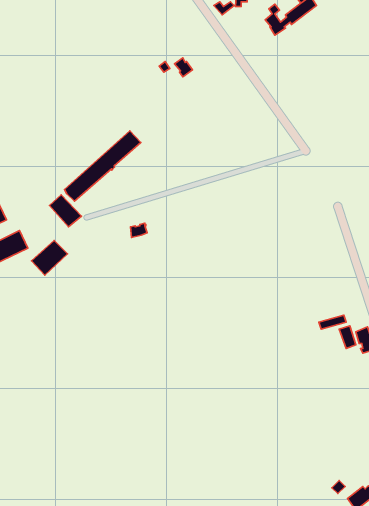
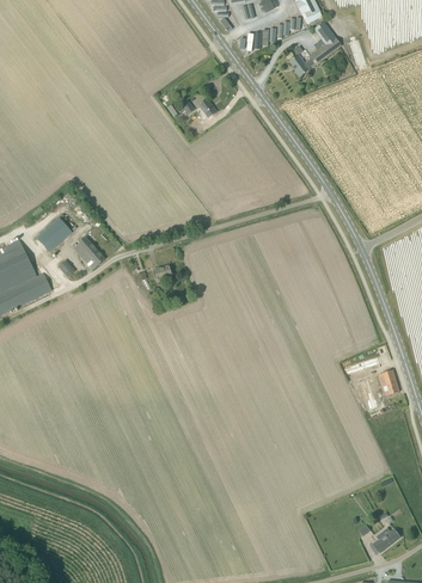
building: [65,131,141,201] -> none
building: [32,241,67,275] -> [36,216,72,251]

